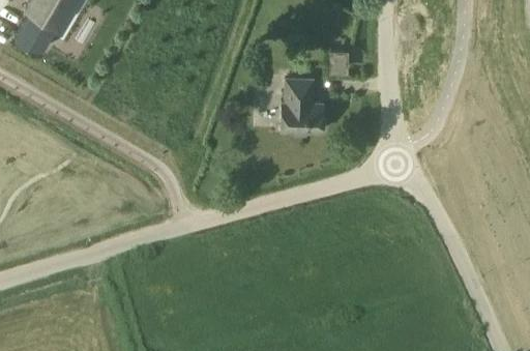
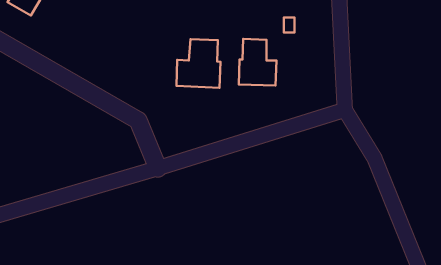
building: none -> [176,39,220,88]

